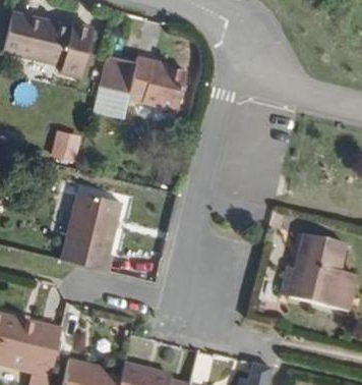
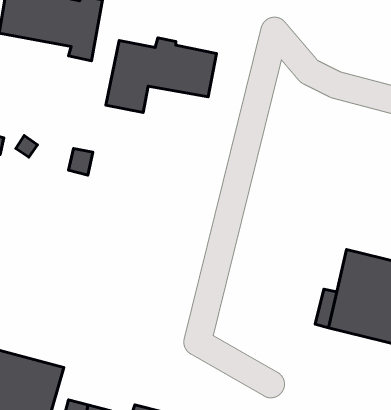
building: [63,188,125,269] -> none

